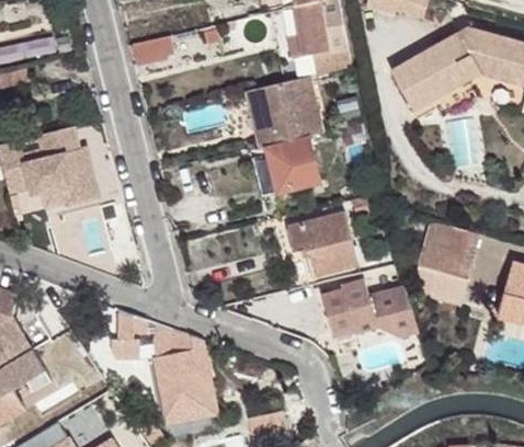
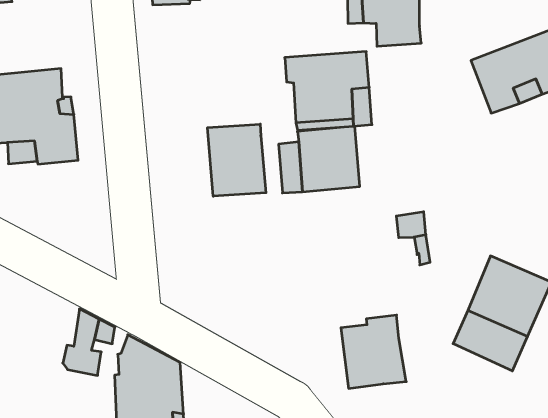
building: none -> [208,124,266,196]
building: [287,213,360,276] -> none
building: [368,287,421,336] -> none

